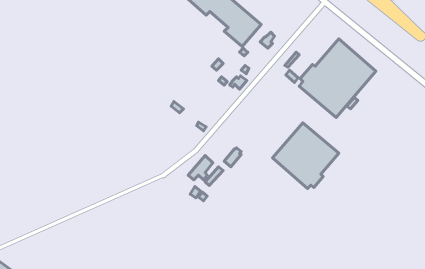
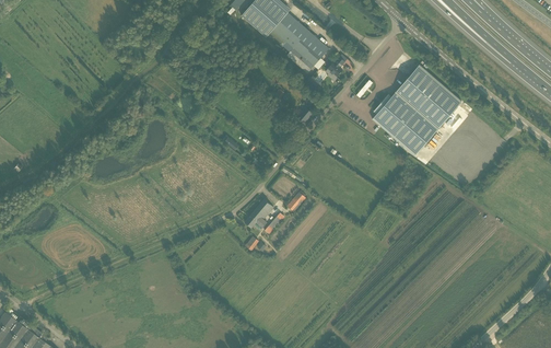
building: [272,123,339,188] -> none

